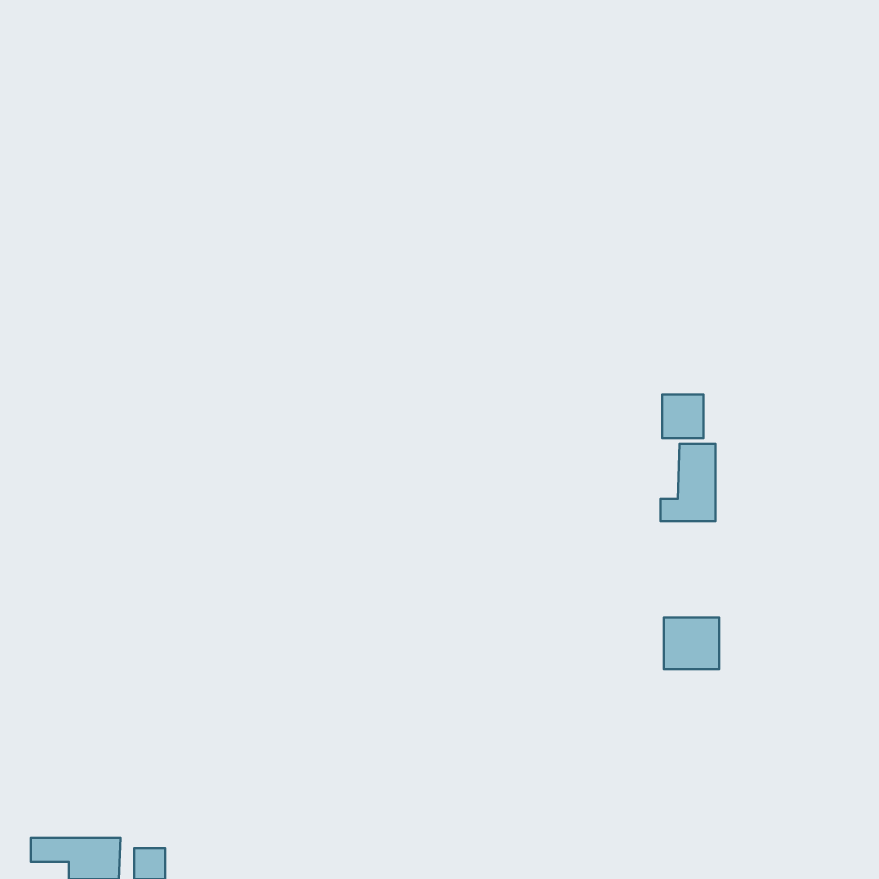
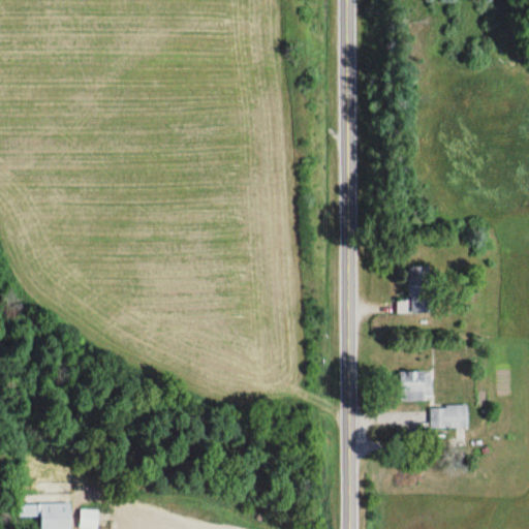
building: [662,394,704,438] -> none
building: none -> [430,406,468,428]

